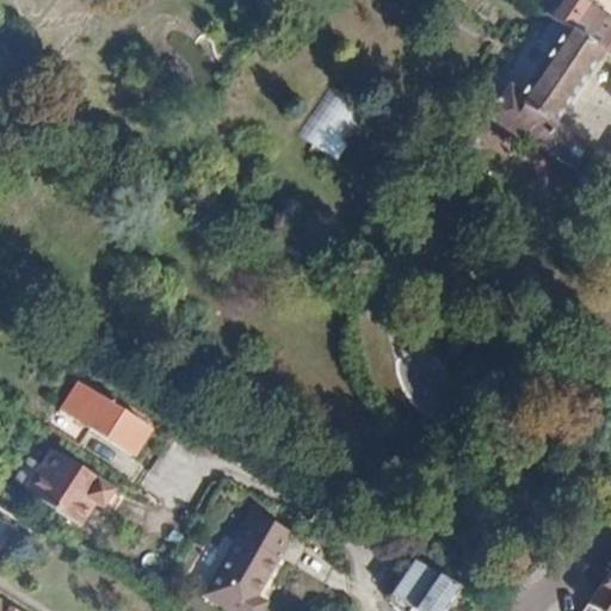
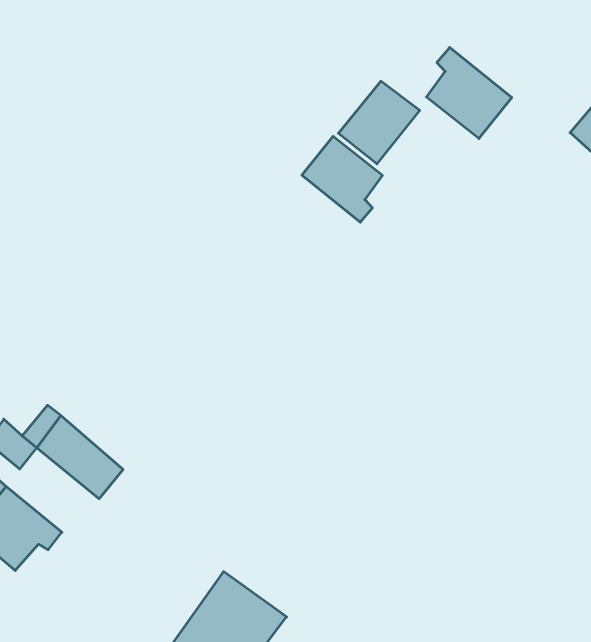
building: none -> [426,47,512,139]
building: none -> [302,136,382,222]

